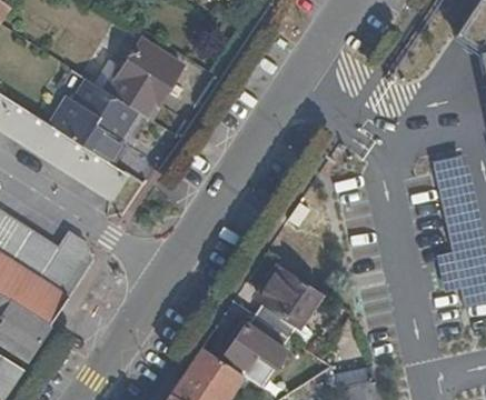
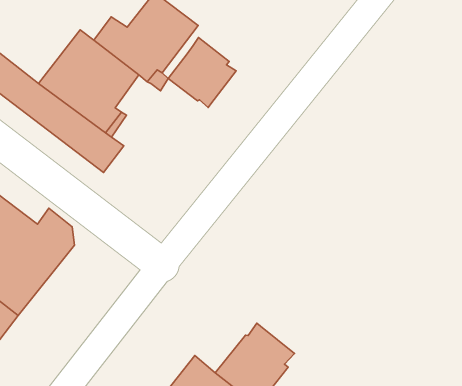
building: none -> [168,37,236,107]
building: [259,266,321,337] -> none

